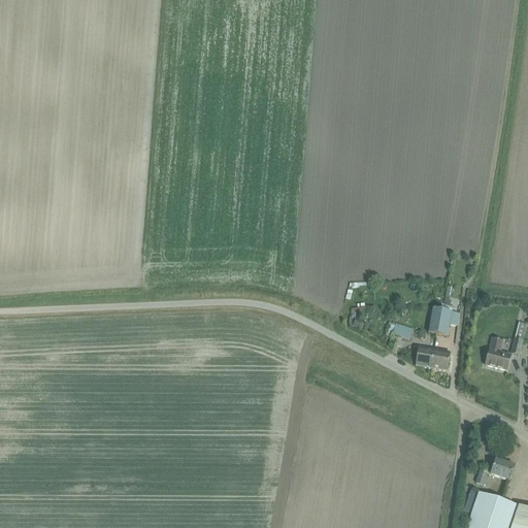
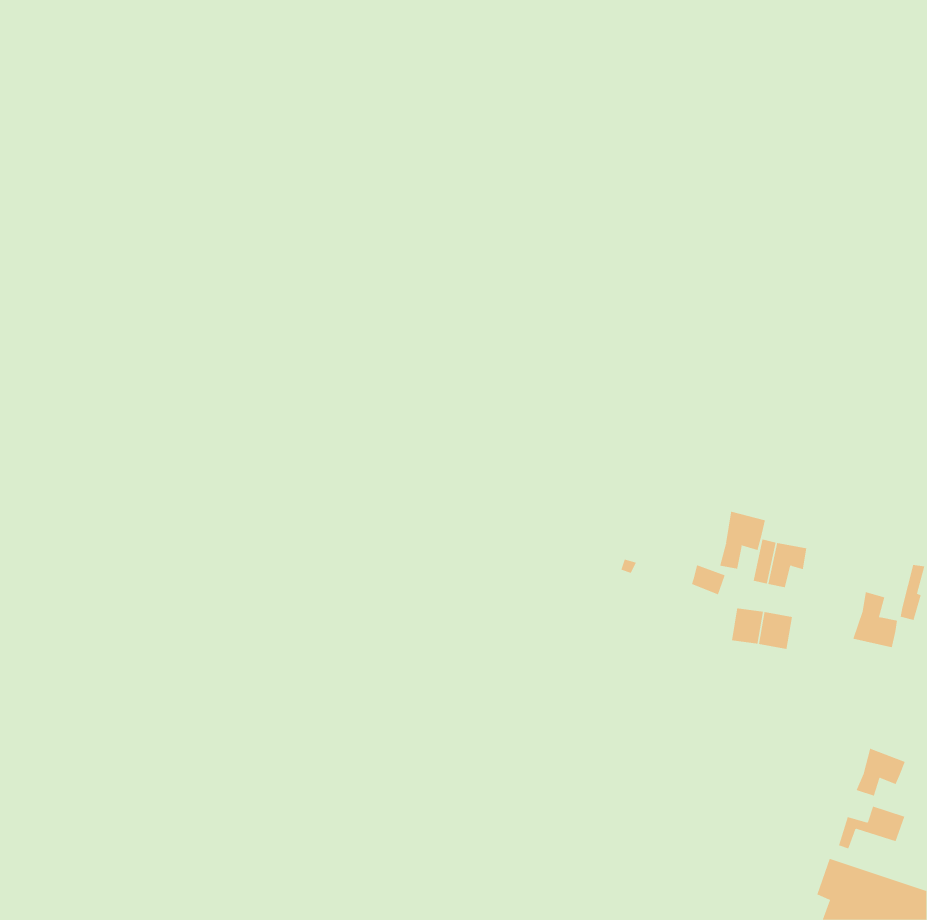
building: none -> [720,511,766,570]
building: none -> [856,748,905,796]

